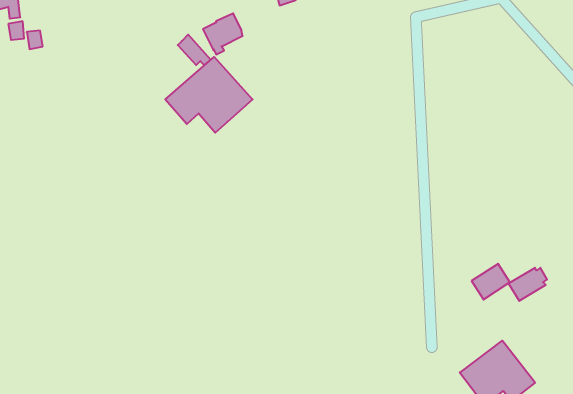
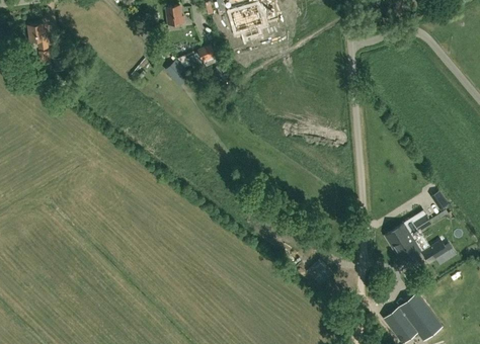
building: [165,57,253,133] -> none
building: none -> [385,213,431,248]

